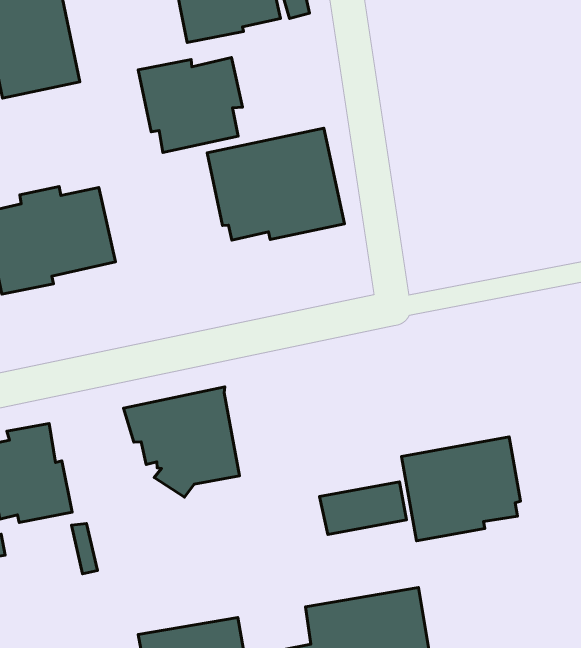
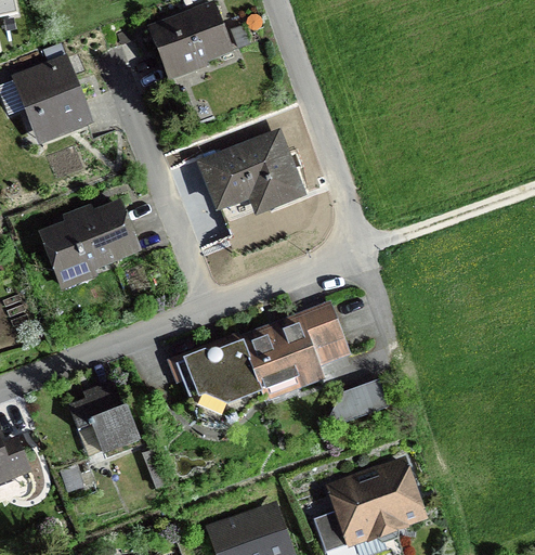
building: [138,58,242,152] -> none
building: none -> [238,300,351,404]
building: [402,437,520,541] -> none

